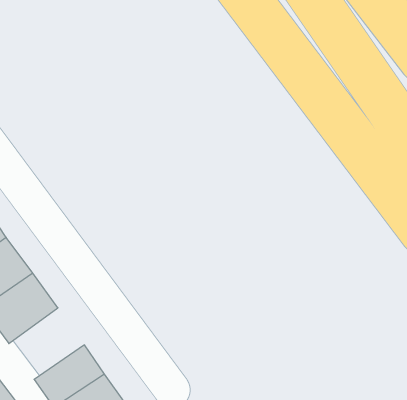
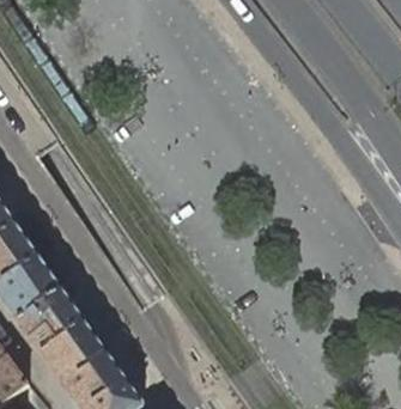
building: none -> [38,318,107,383]

